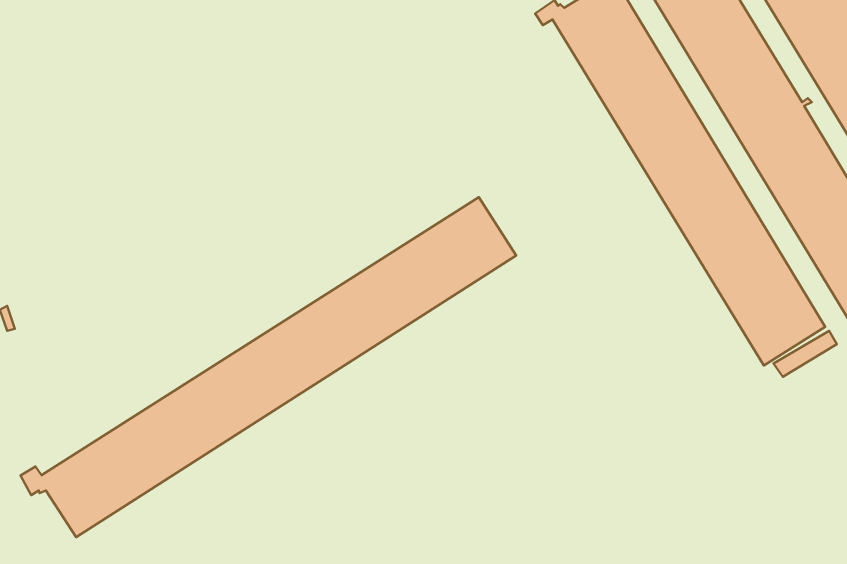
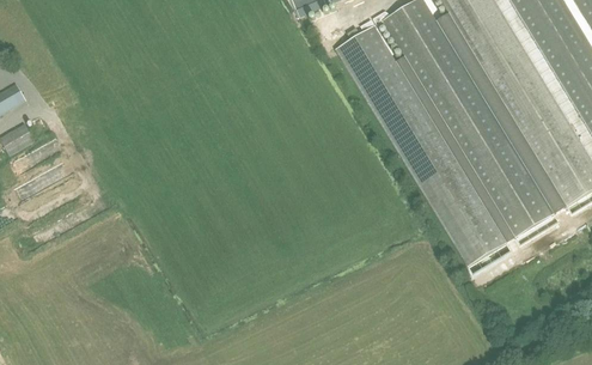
building: none -> [335,19,514,279]
building: [20,197,516,537] -> none

